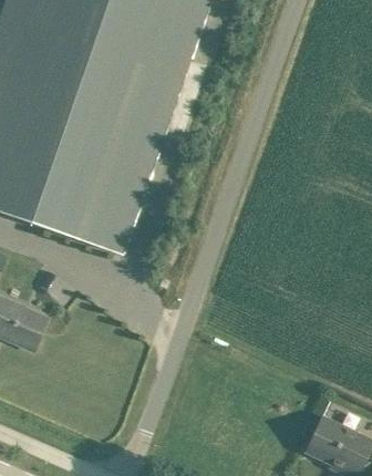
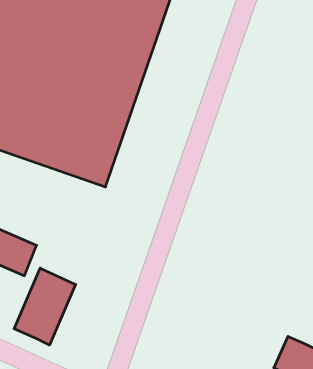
building: none -> [14,268,76,345]

